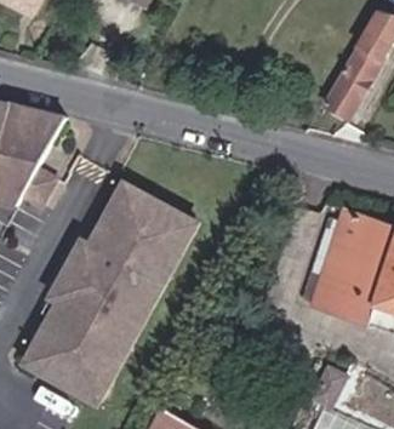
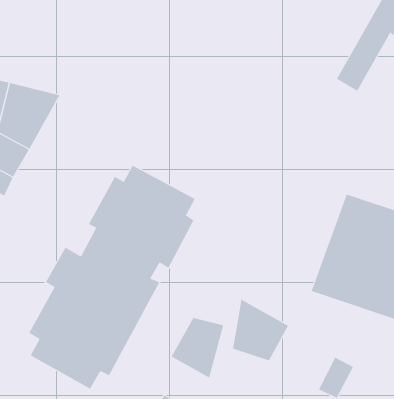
building: none -> [232,299,289,361]
building: none -> [171,317,224,379]

